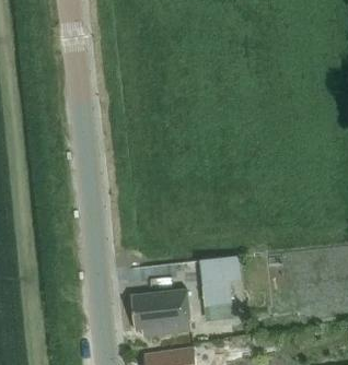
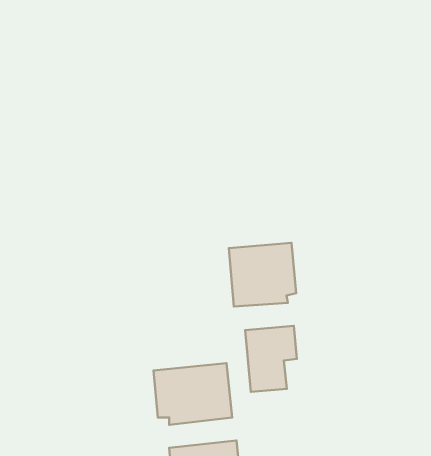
building: none -> [229,243,296,307]

